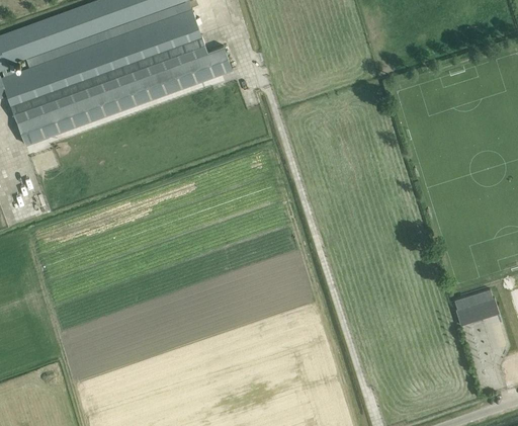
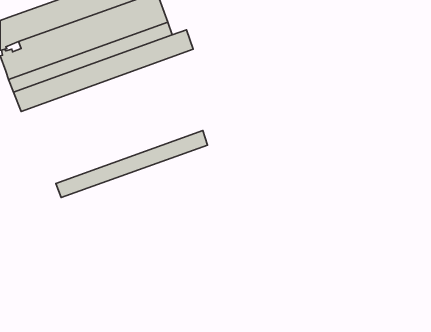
building: none -> [56,131,208,197]
building: [454,289,499,326] -> none

